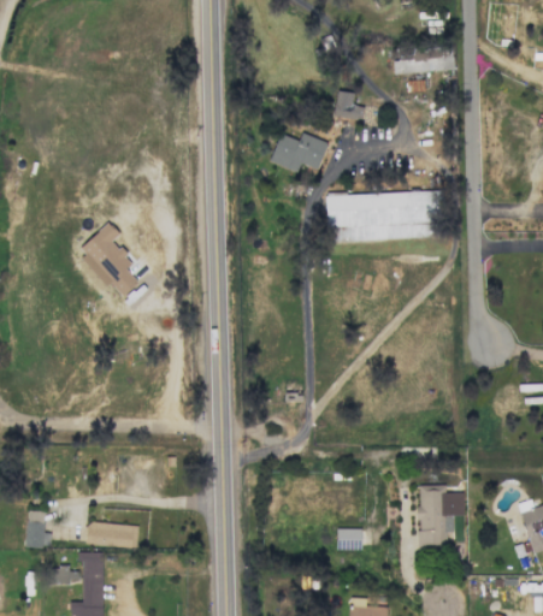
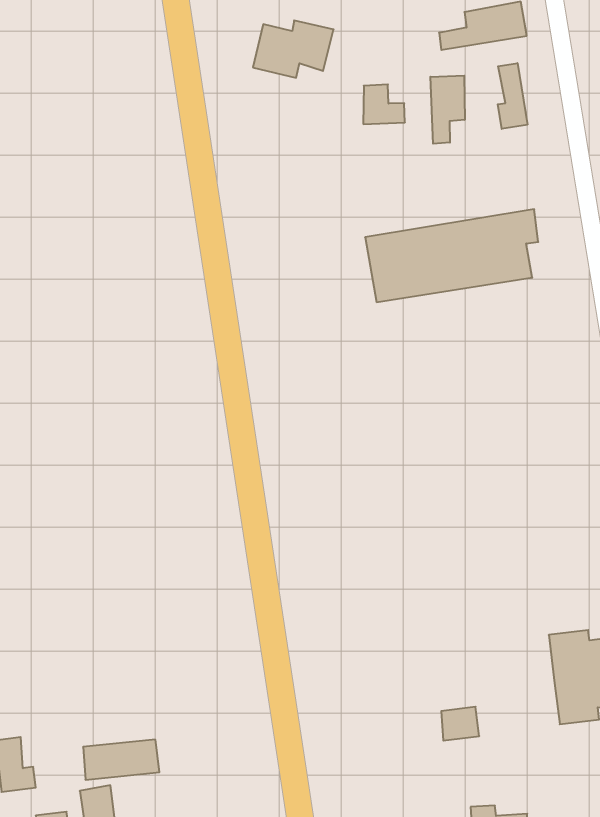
building: none -> [498,63,527,129]
building: none -> [430,76,465,144]
building: [268,132,327,172] -> [253,20,334,78]
building: [76,221,137,296] -> none

